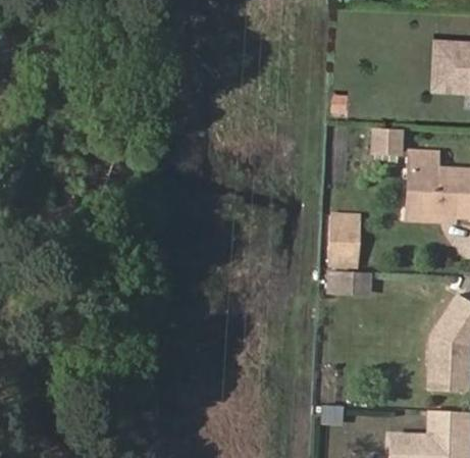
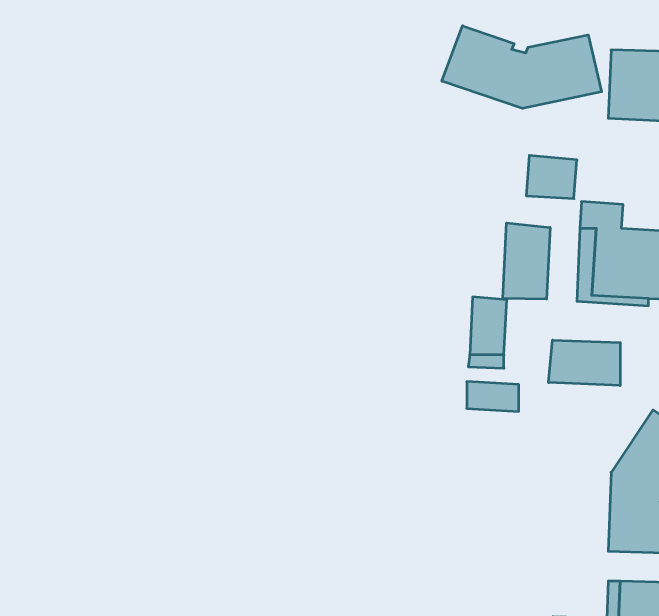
building: none -> [442,26,602,108]
building: none -> [503,223,550,299]
building: none -> [549,340,620,386]

